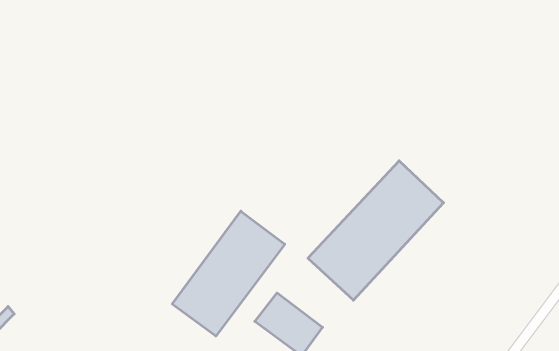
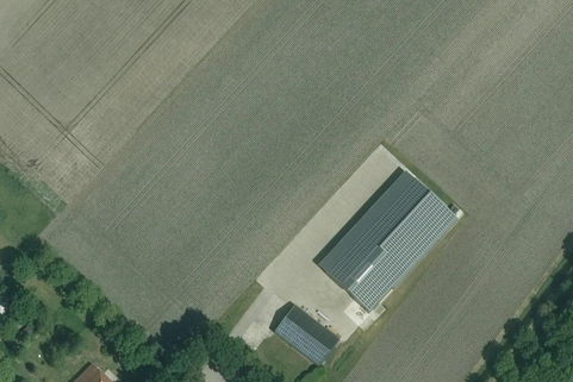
building: [172,211,285,336] -> none

